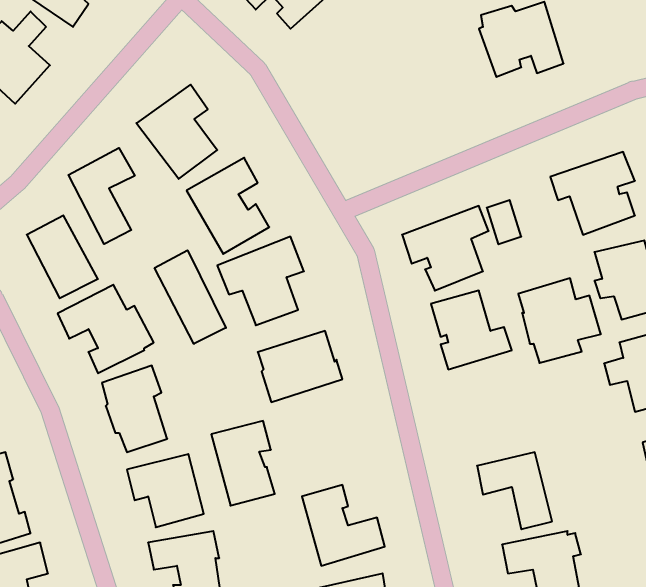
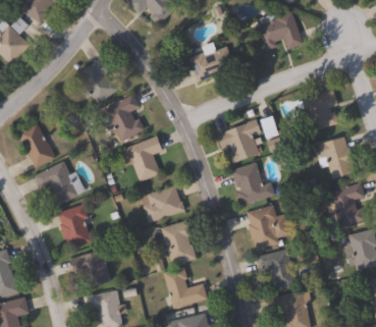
building: none -> [190,42,234,80]
building: [68,148,135,244] -> none
building: [155,250,226,344] -> none
building: [518,278,601,363] -> [247,205,290,250]
building: [211,421,275,506] -> [162,220,196,265]

